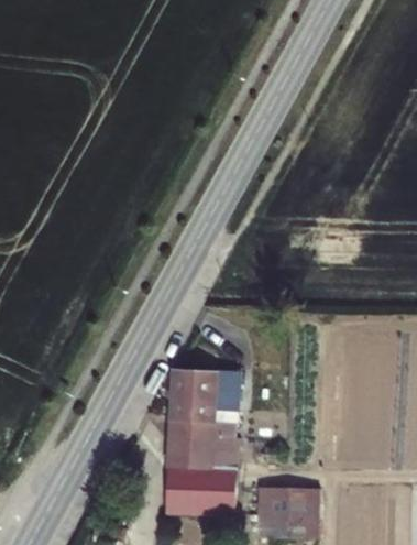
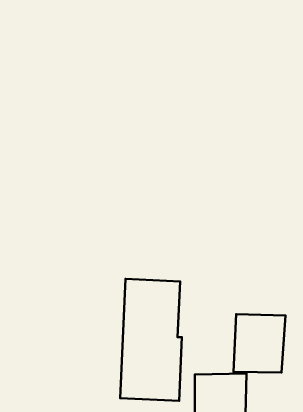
building: none -> [234,314,285,372]

